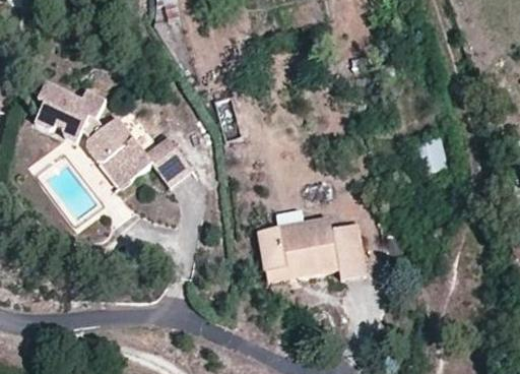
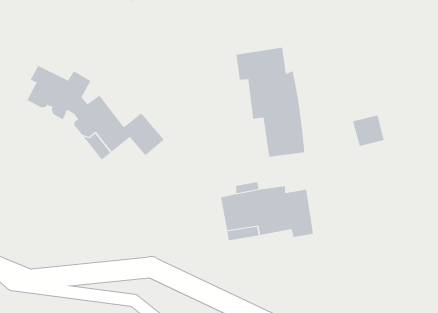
building: none -> [236,47,305,157]

